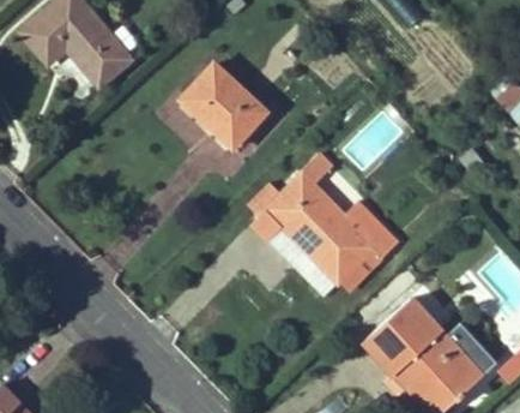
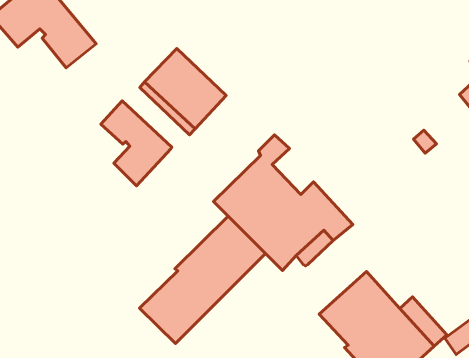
building: none -> [101,101,172,186]
building: none -> [140,216,266,344]

